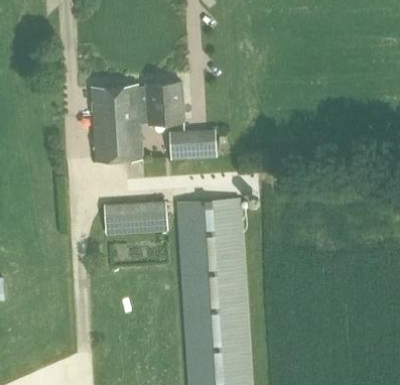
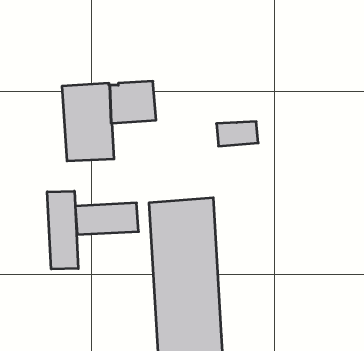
building: [170,135,212,159] -> [216,122,258,146]
building: none -> [47,191,78,269]

